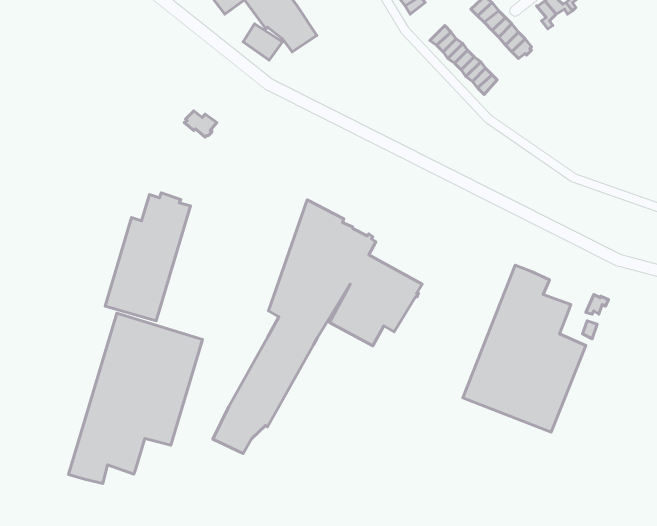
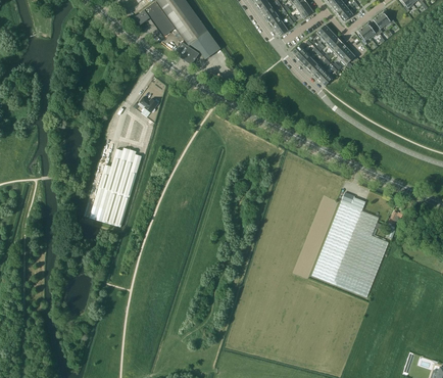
building: [213,200,422,453] -> none
building: [69,313,203,483] -> none

